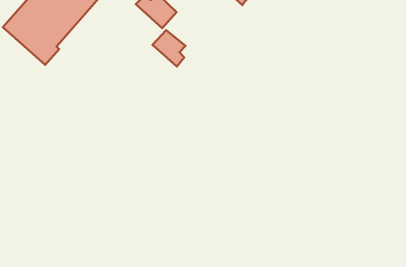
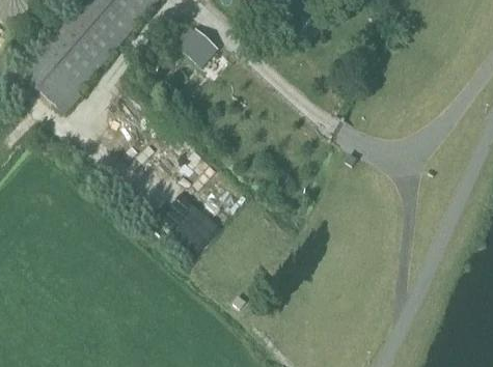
building: [153,30,186,67] -> none

